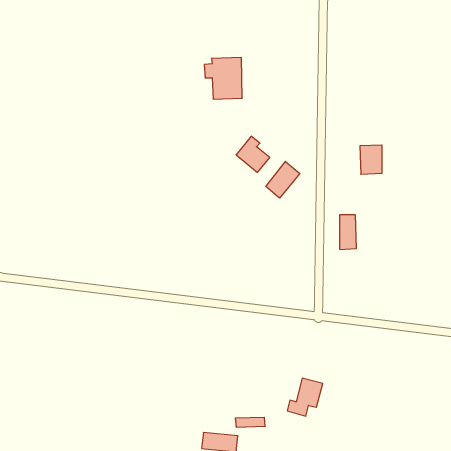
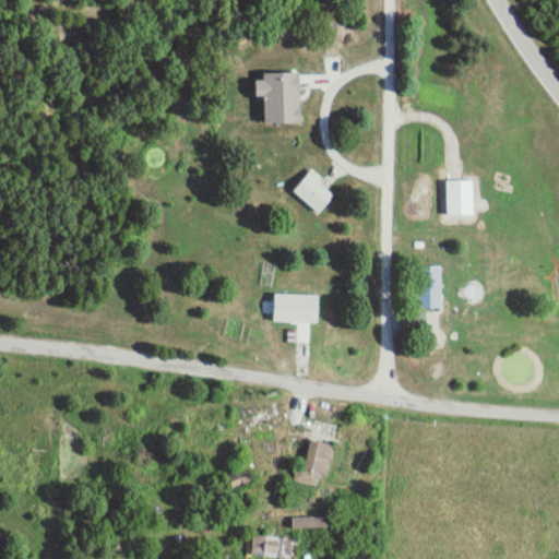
building: [266,161,300,198] -> none
building: none -> [272,295,319,345]
building: [287,378,323,416] -> [293,440,336,487]

